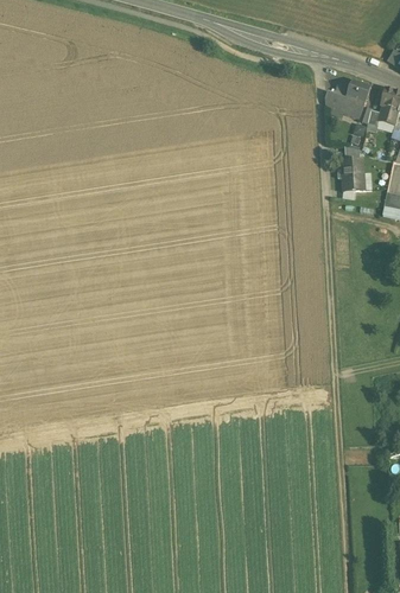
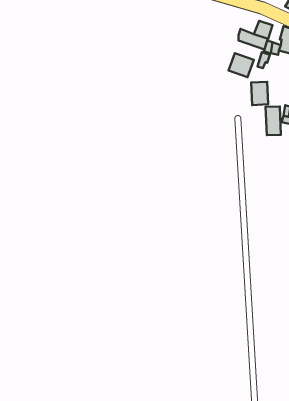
building: none -> [229,53,254,77]
building: none -> [266,107,281,135]

